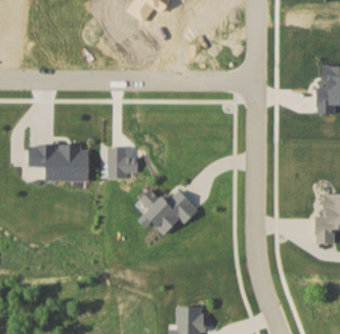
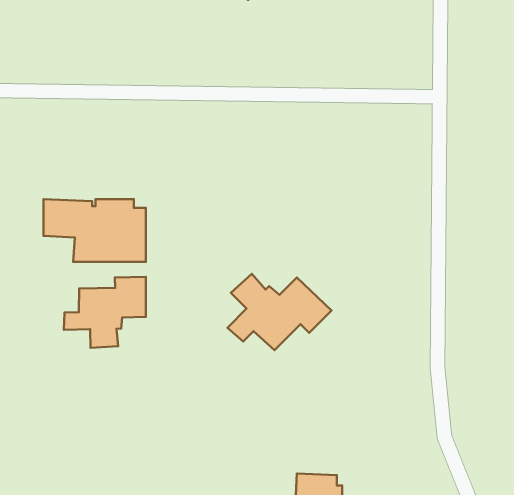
building: [108,147,132,178] -> none
building: none -> [64,277,146,348]

